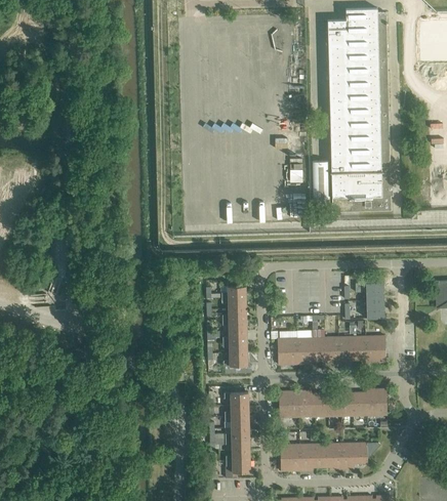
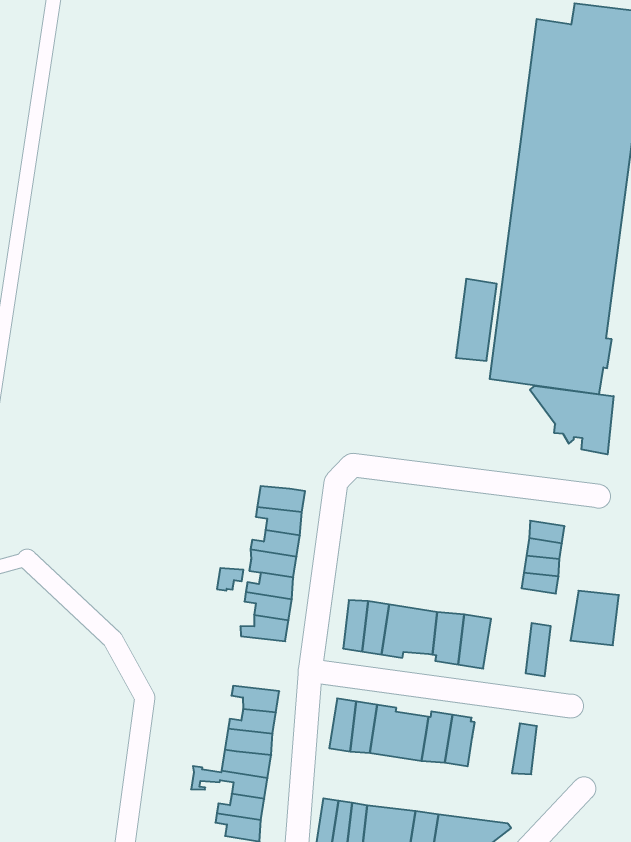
building: none -> [530,386,614,454]
building: [353,335,375,363] -> [570,591,619,645]
building: [353,388,376,415] -> none

